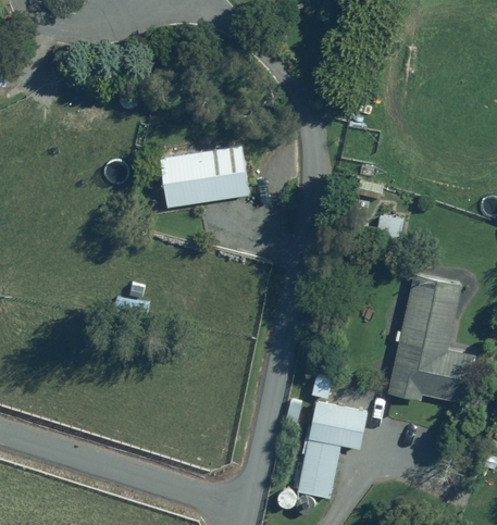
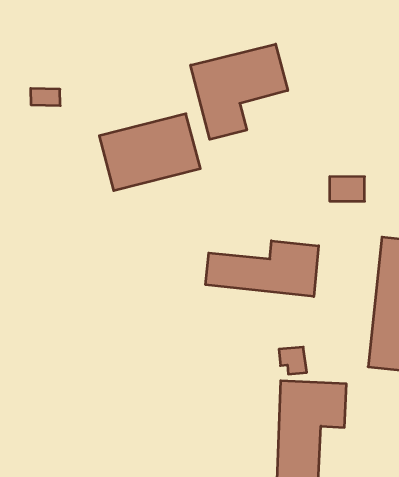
building: none -> [191,44,288,139]
building: none -> [206,241,319,297]

